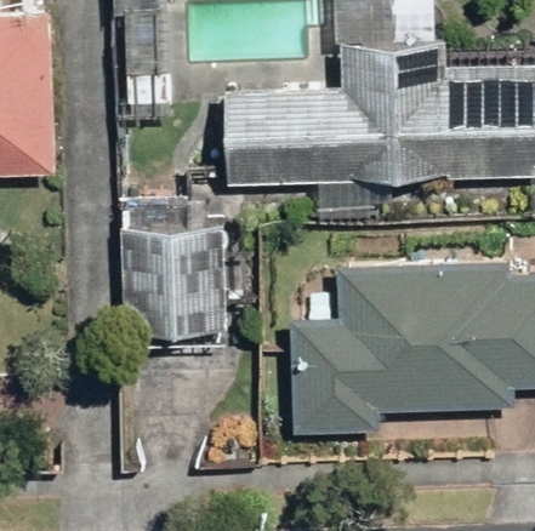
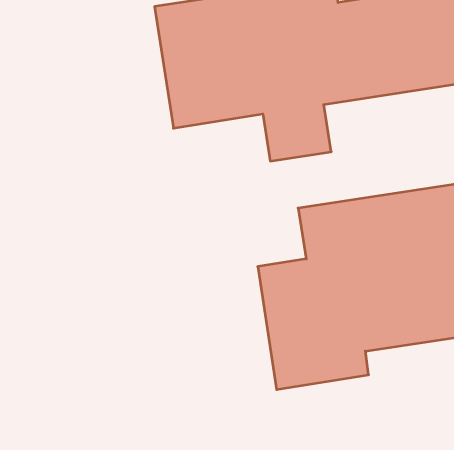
building: [121,215,226,335] -> none

